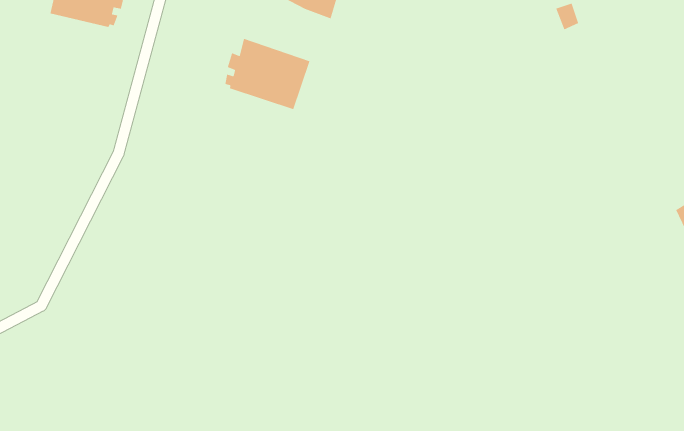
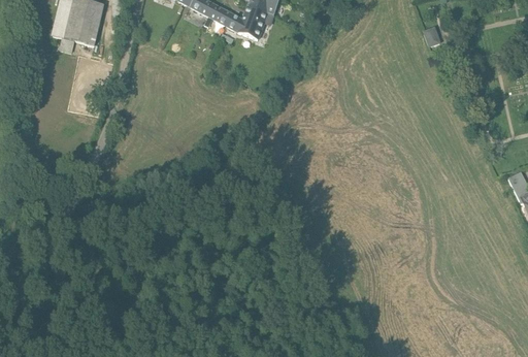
building: [225,38,311,110] -> none

